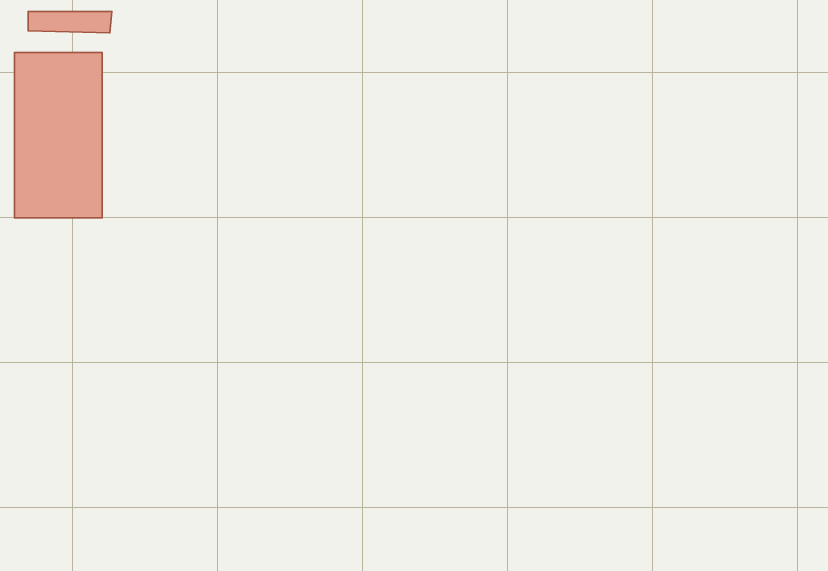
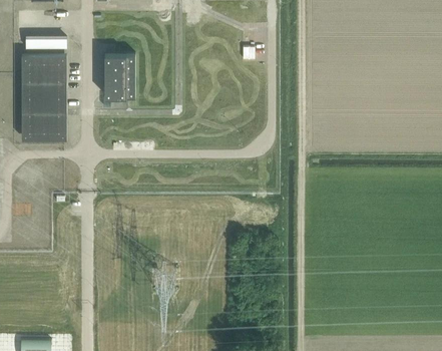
building: none -> [104,55,134,98]

